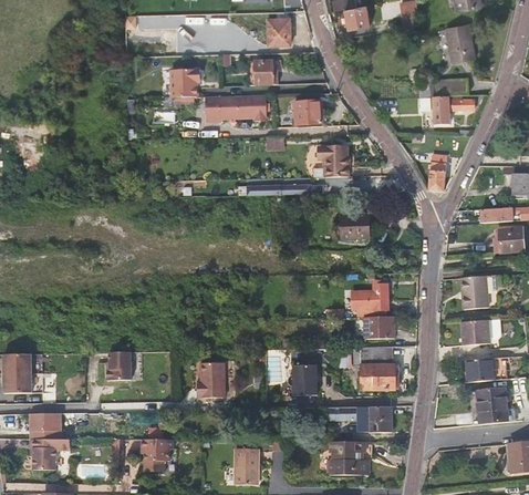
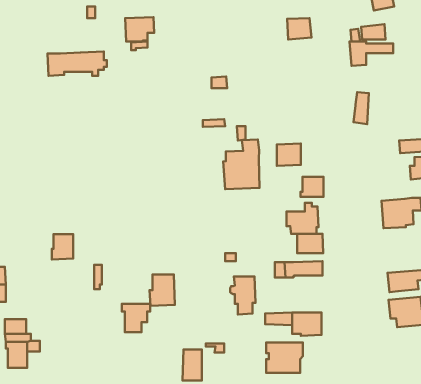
building: [255,60,277,83] -> none
building: [201,93,269,121] -> [48,51,107,76]
building: [294,100,322,124] -> [287,18,311,39]
building: [314,146,348,177] -> none
building: none -> [223,140,260,189]
building: none -> [300,177,323,197]
building: [461,319,500,346] -> none
building: [106,351,131,380] -> [52,234,73,259]
building: [360,363,395,388] -> none
building: [139,439,172,471] -> [122,304,150,332]

